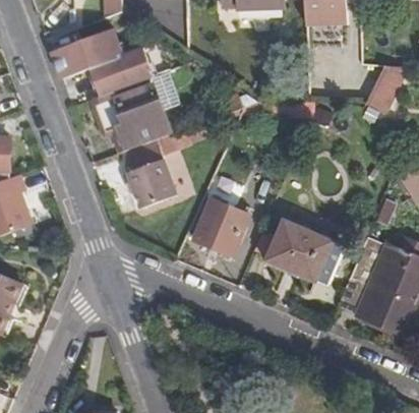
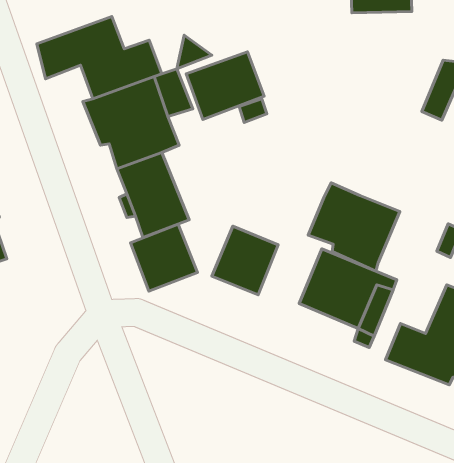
building: none -> [186,52,264,119]
building: none -> [308,183,400,271]
building: none -> [131,224,198,291]

